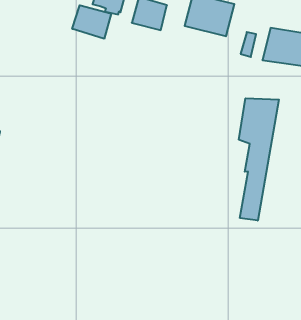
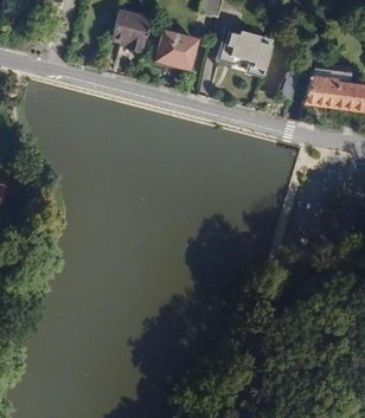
building: [72,5,111,39] -> none
building: [239,98,279,221] -> none

